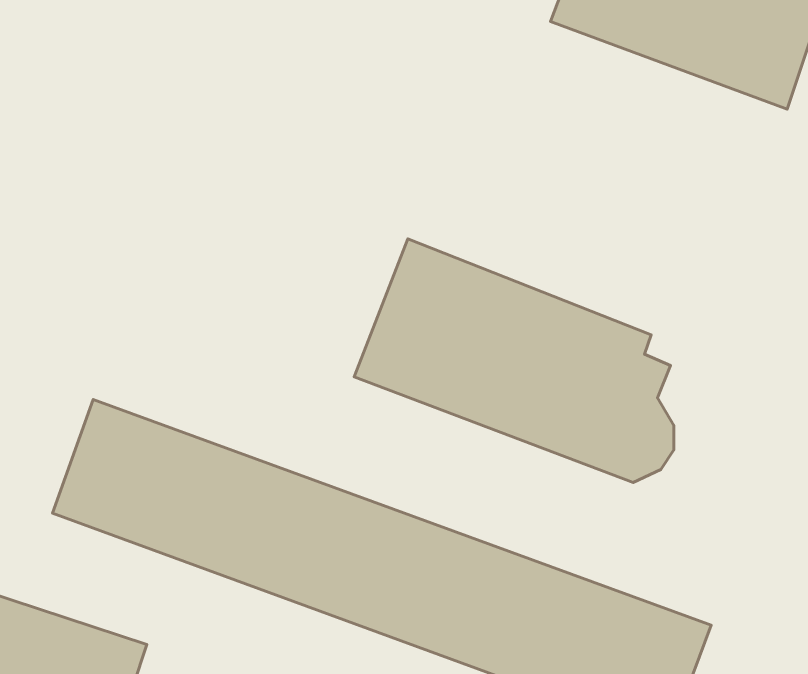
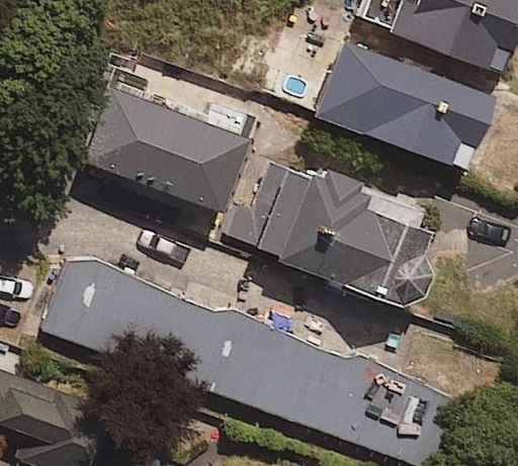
building: none -> [316,39,495,172]
building: none -> [88,92,247,213]

